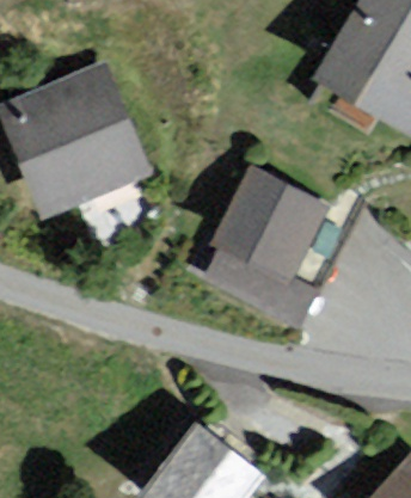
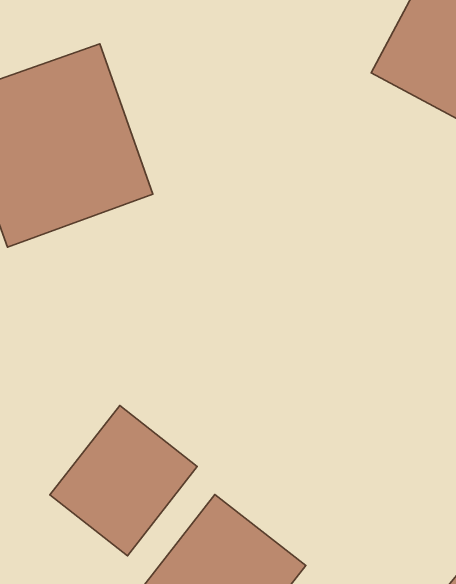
building: [202,167,352,322] -> none
building: none -> [50,406,197,556]

